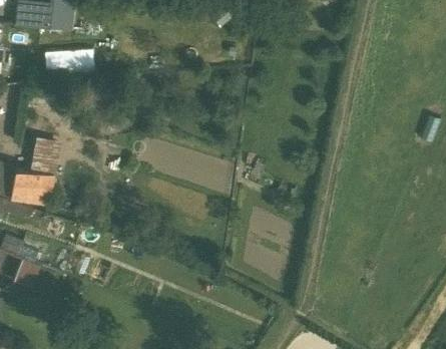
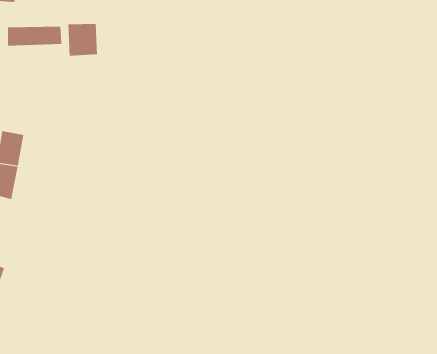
building: none -> [68,23,98,56]

